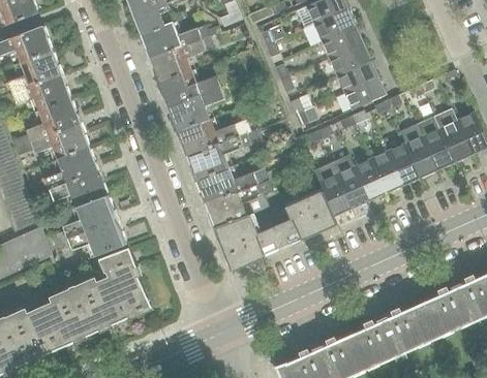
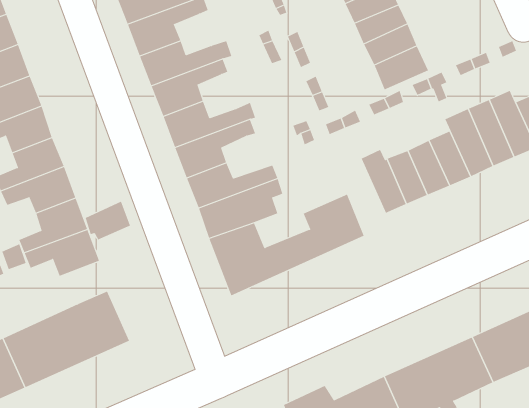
building: [315,162,353,213] -> none
building: [99,246,135,277] -> [85,201,131,240]

